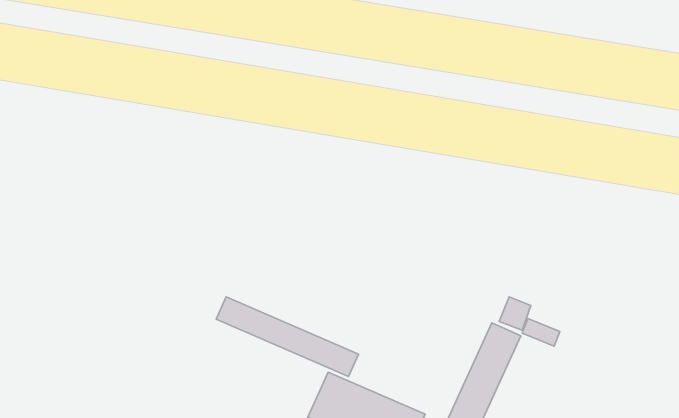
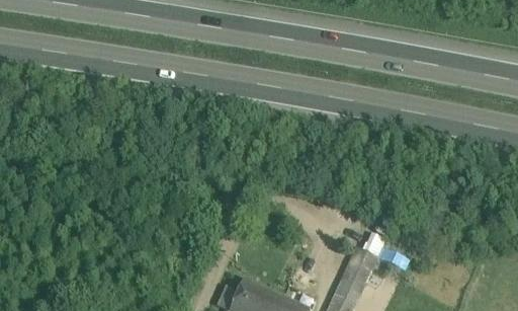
building: [216,297,358,376] -> none

